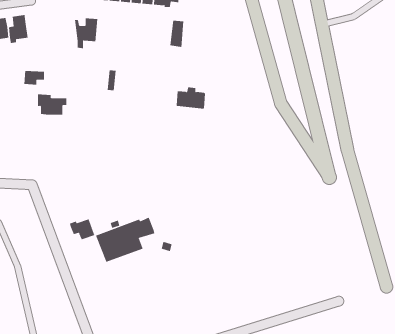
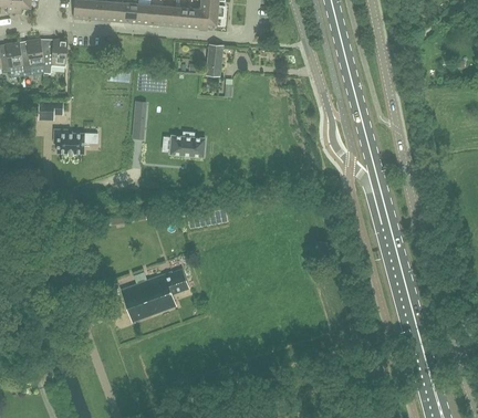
building: [74,18,98,49] -> [40,39,67,74]
building: [176,87,206,109] -> [169,132,204,157]
building: [69,219,95,240] -> none

